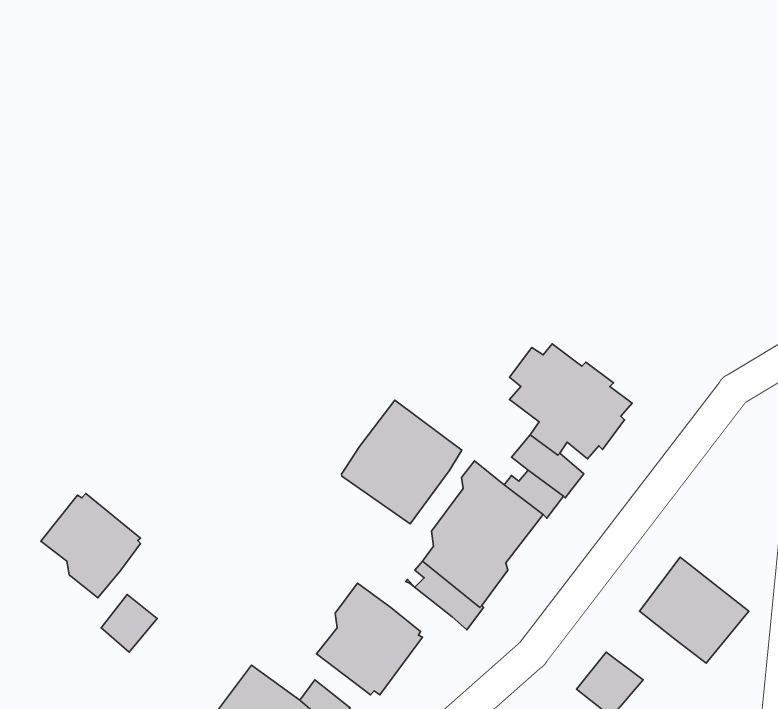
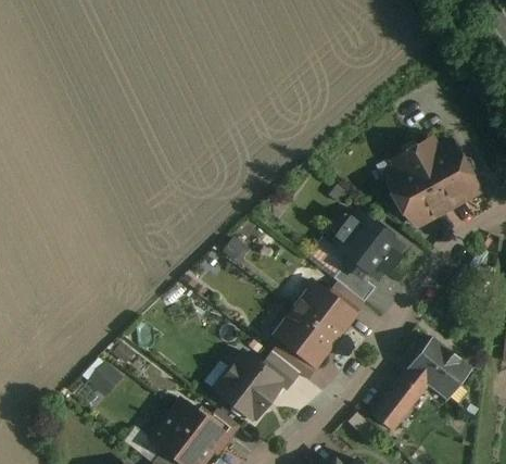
building: none -> [383,139,478,225]
building: [341,400,462,524] -> none
building: [41,494,140,598] -> none
building: none -> [262,353,298,389]
building: none -> [388,369,428,410]

